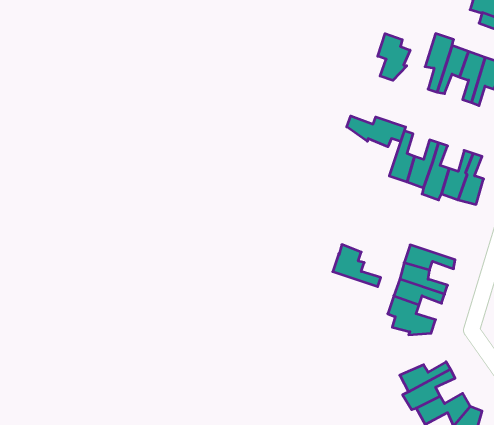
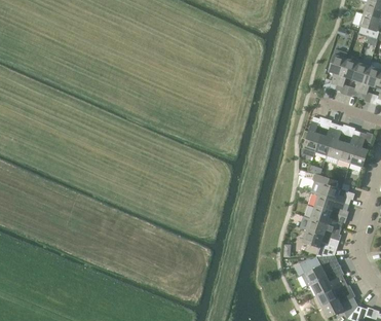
building: [378,34,410,80] -> none
building: [347,116,406,147] -> none
building: [333,245,381,287] -> [317,176,350,205]
building: none -> [302,255,337,284]

